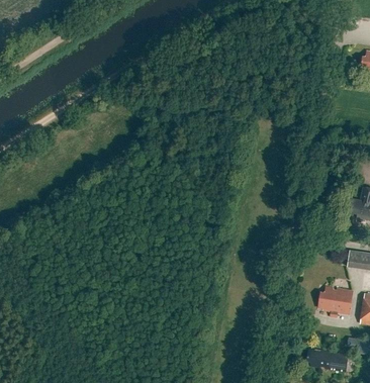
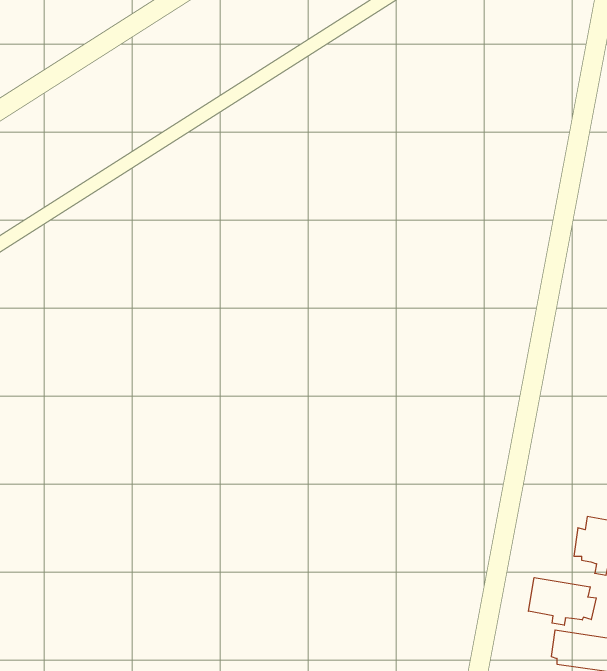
building: none -> [528,578,596,625]

